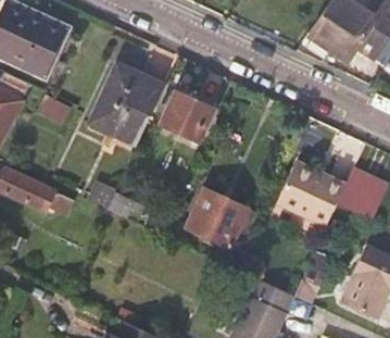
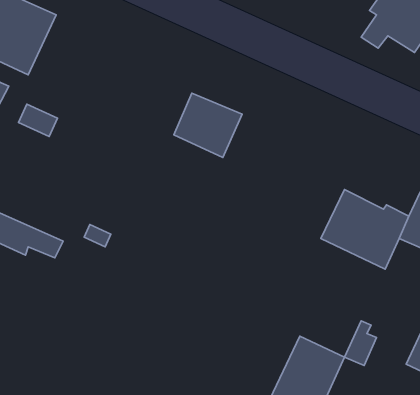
building: [91,63,165,145] -> none
building: [186,186,260,252] -> none

